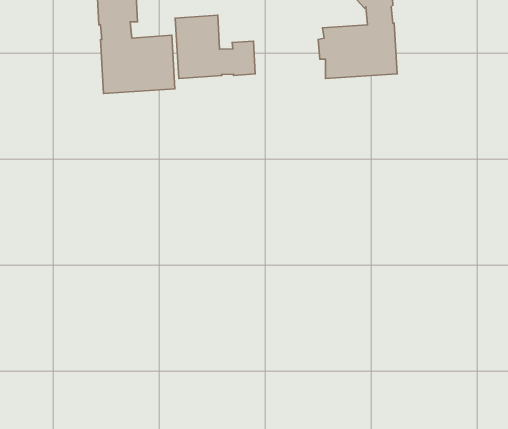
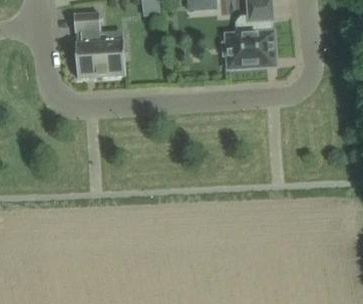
building: [175,15,255,79] -> none

